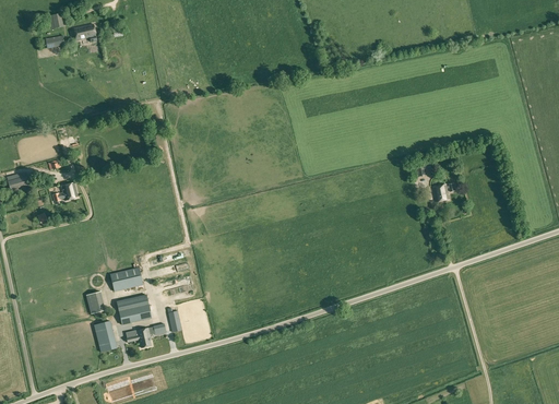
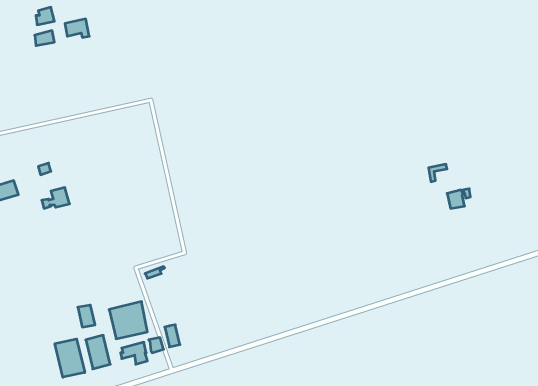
building: [109,266,143,290] -> none
building: none -> [55,339,85,377]

